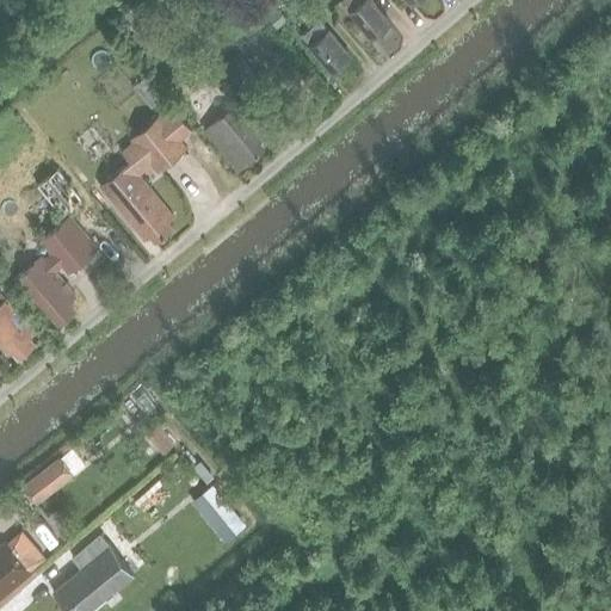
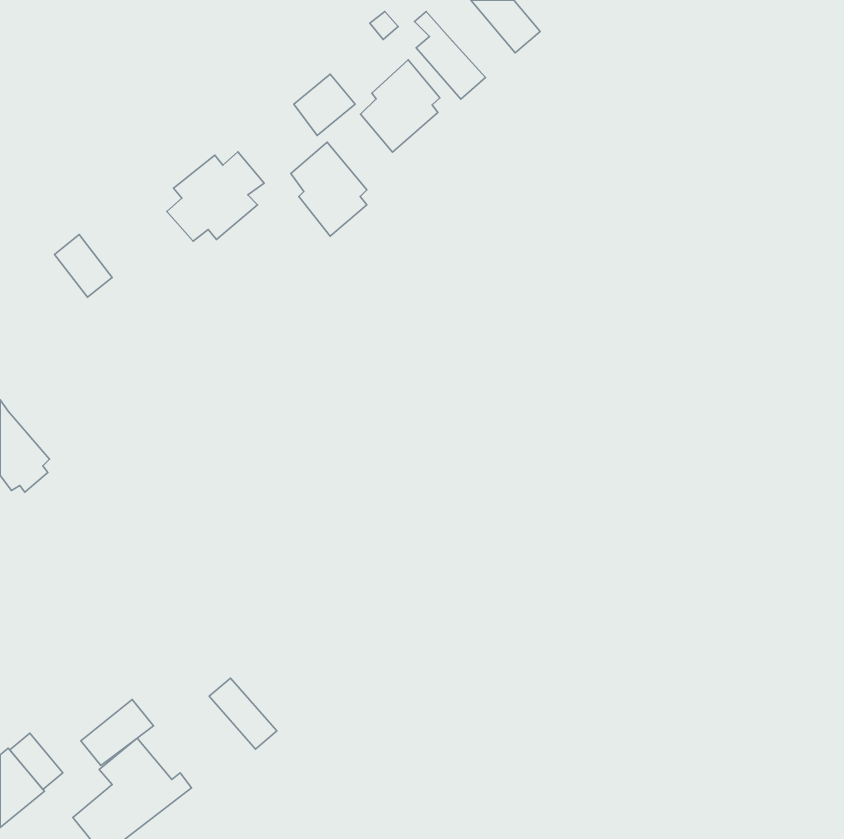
building: none -> [361,60,440,152]
building: [100,166,174,246] -> none
building: [12,221,97,327] -> none
building: [23,458,75,506] -> [81,699,154,765]
building: [196,488,245,539] -> [209,678,277,749]

